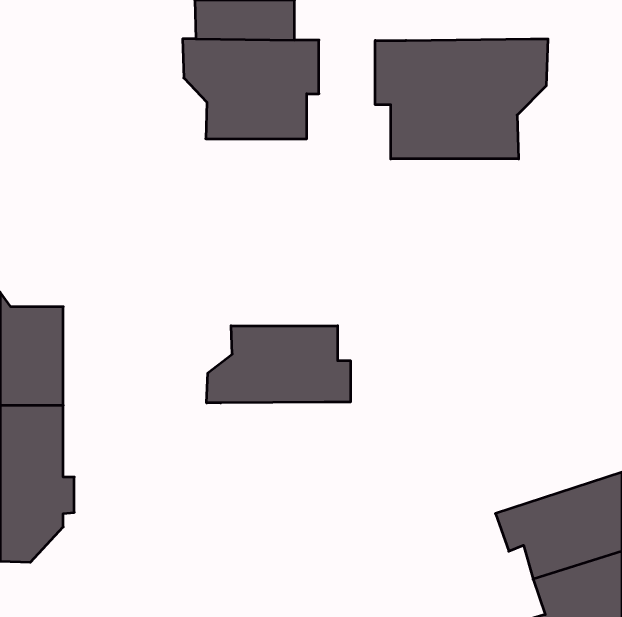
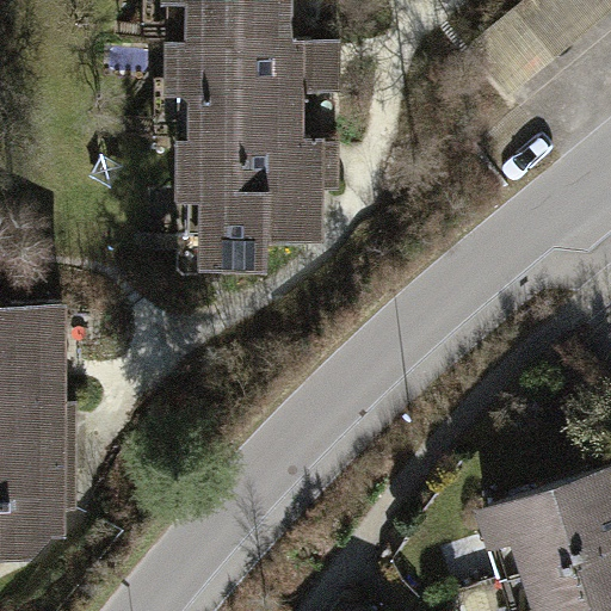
building: [375,39,548,159] -> none
building: none -> [190,141,313,260]
building: [207,326,350,403] -> none

